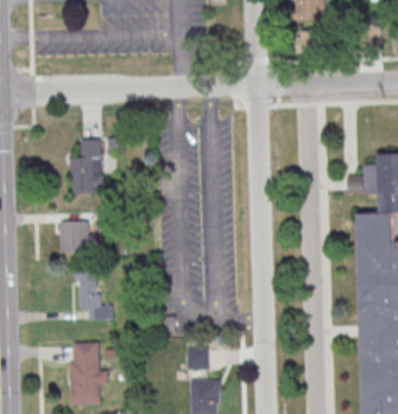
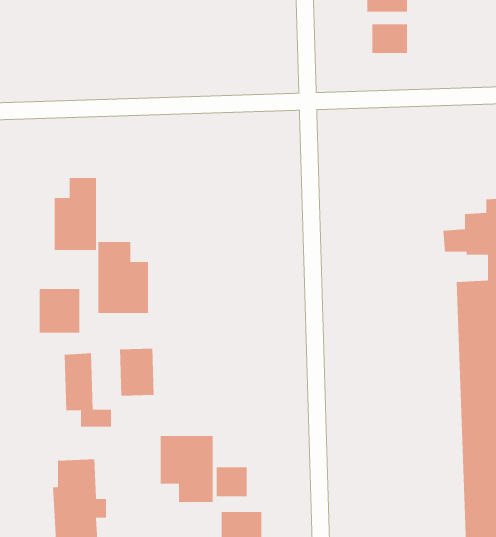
building: none -> [98,241,148,314]
building: none -> [119,348,154,396]
building: none -> [160,435,213,503]

